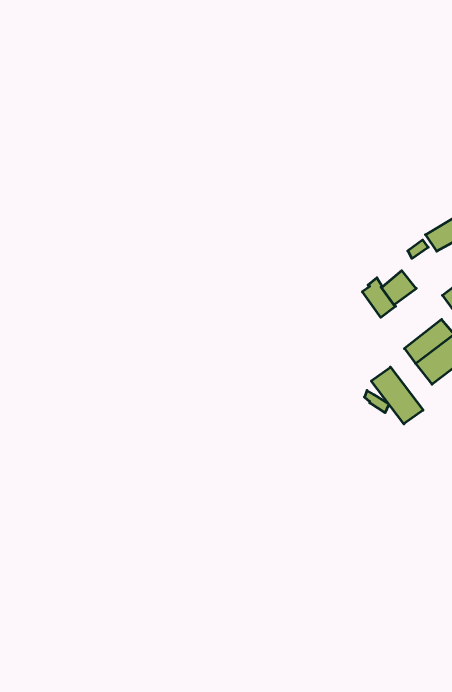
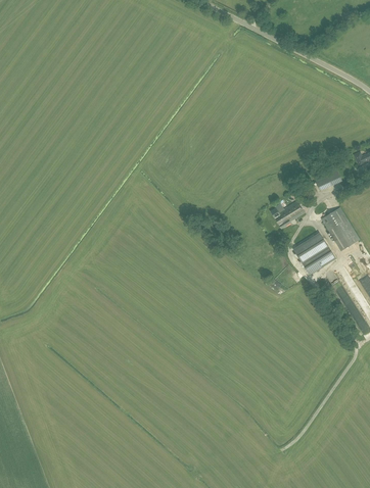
building: [371,367,423,424] -> none

